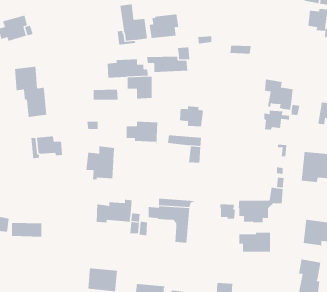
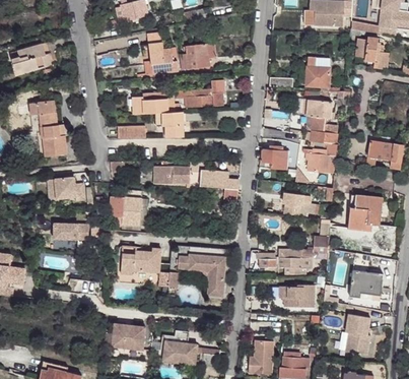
building: none -> [305,58,330,90]
building: none -> [298,99,335,119]
building: [179,106,204,127] -> [261,146,288,170]
building: none -> [282,192,311,217]
building: [11,222,42,237] -> [54,224,88,240]

